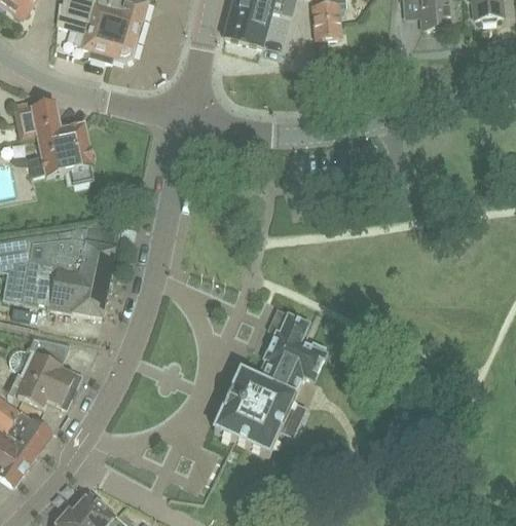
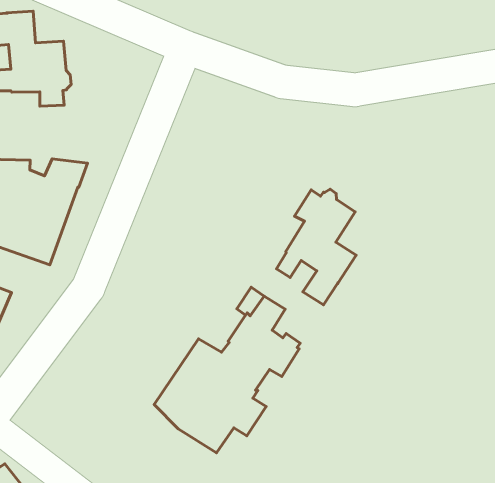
building: none -> [277,189,356,305]

